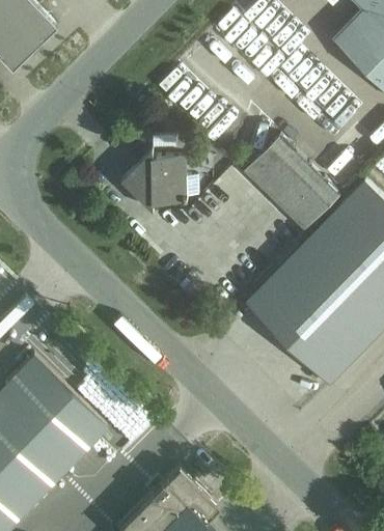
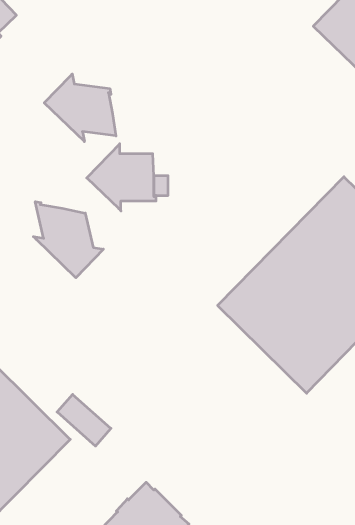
building: none -> [44,74,116,142]
building: [246,136,341,231] -> none
building: none -> [33,202,103,278]

